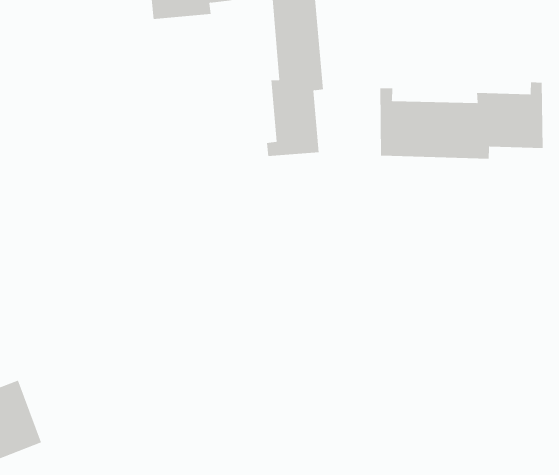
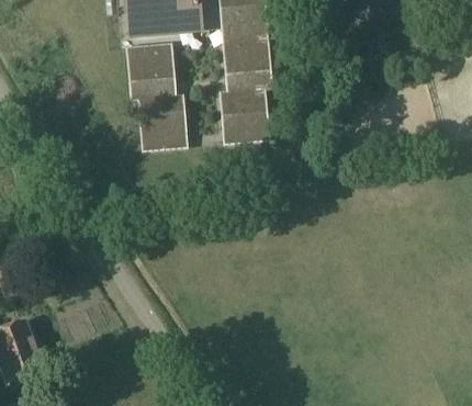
building: none -> [128,46,186,149]
building: [380,82,543,160] -> none

